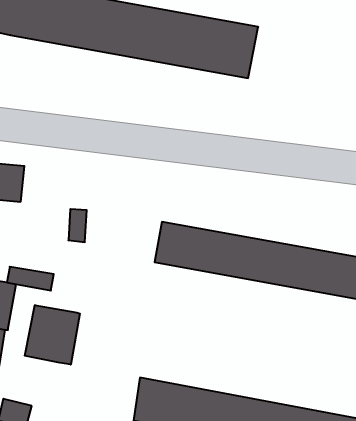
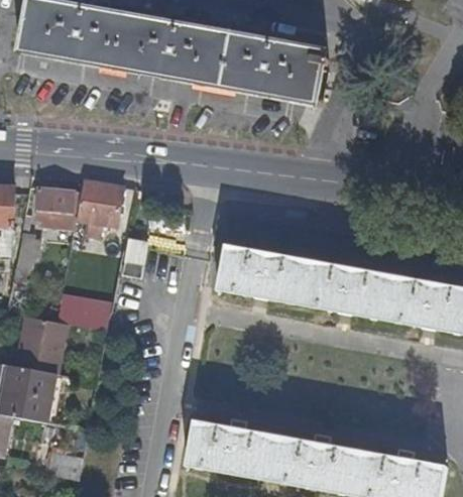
building: none -> [70,179,117,241]
building: [25,305,80,365] -> none

